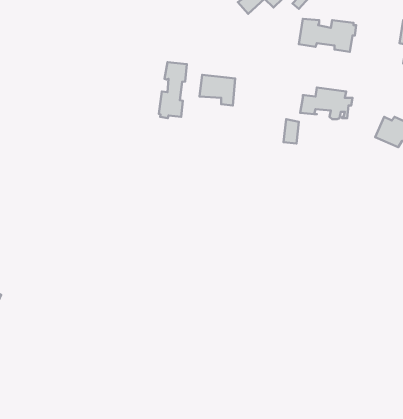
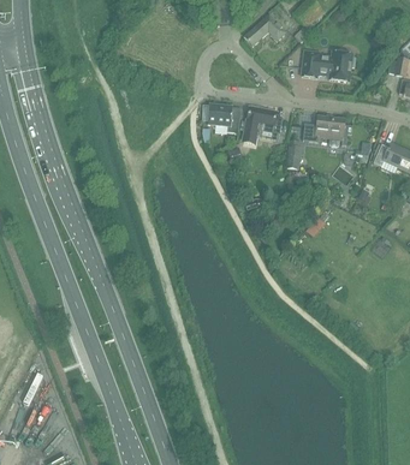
building: [159,62,187,118] -> none
building: none -> [243,106,283,142]

